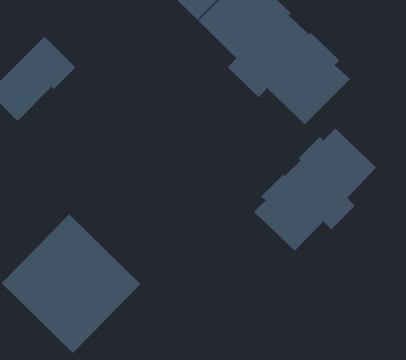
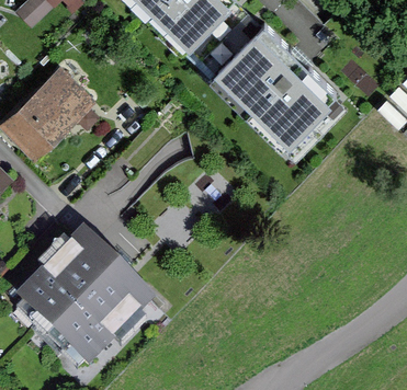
building: [253,128,377,252] -> none

